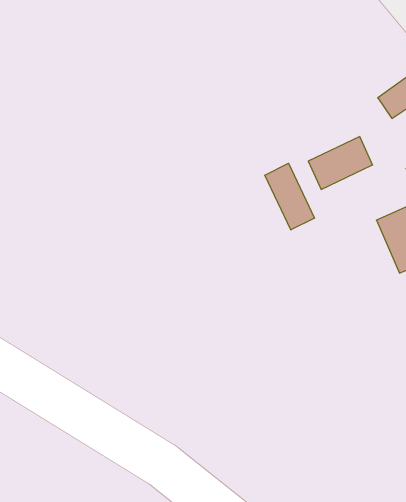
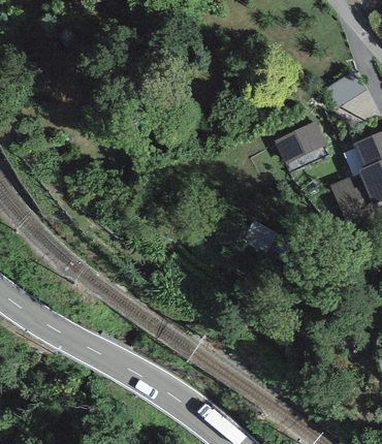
building: [265,163,315,230] -> none

